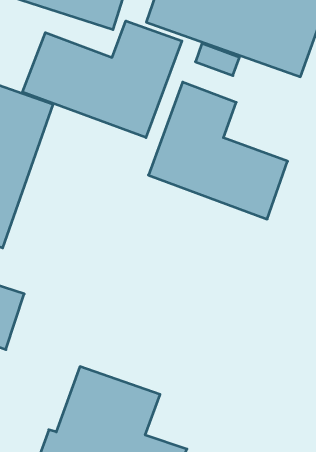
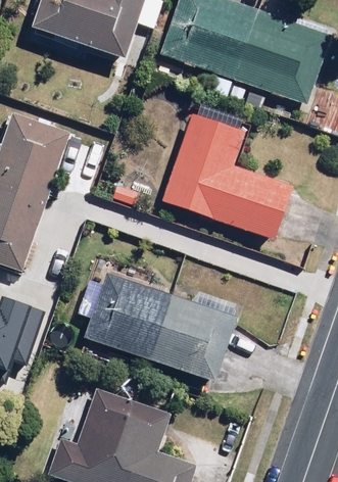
building: [22,21,182,138] -> none
building: none -> [82,269,241,384]

